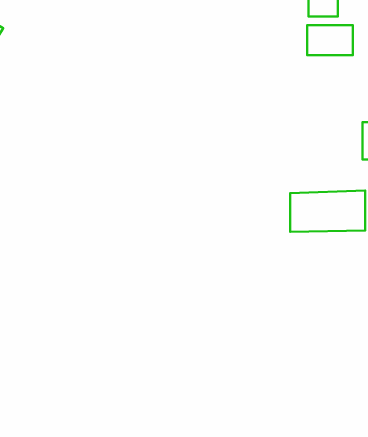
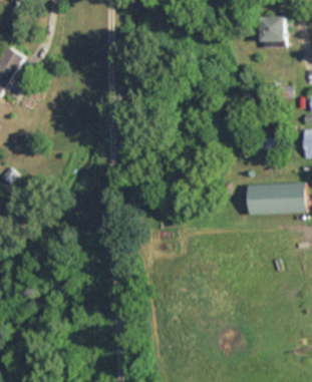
building: [307,25,353,55] -> none

